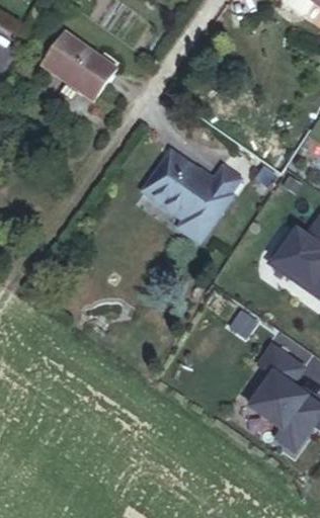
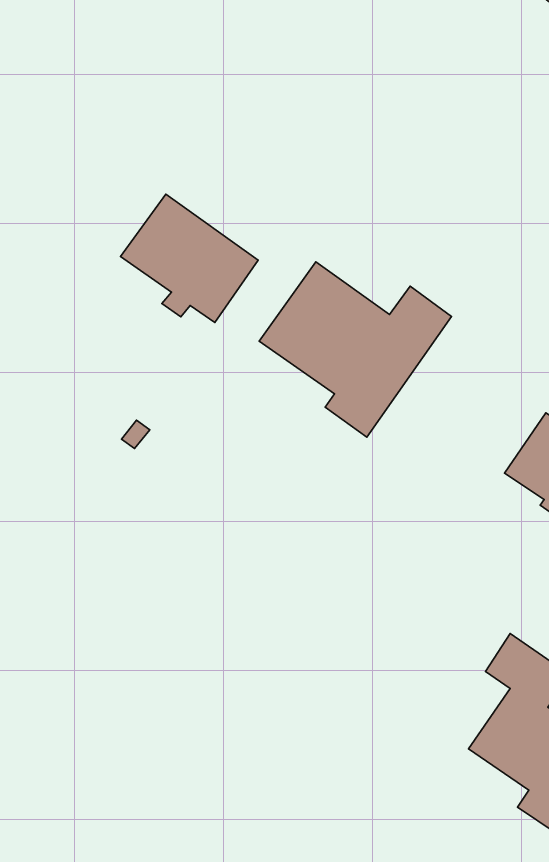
building: [43,31,116,100] -> [120,194,258,322]

